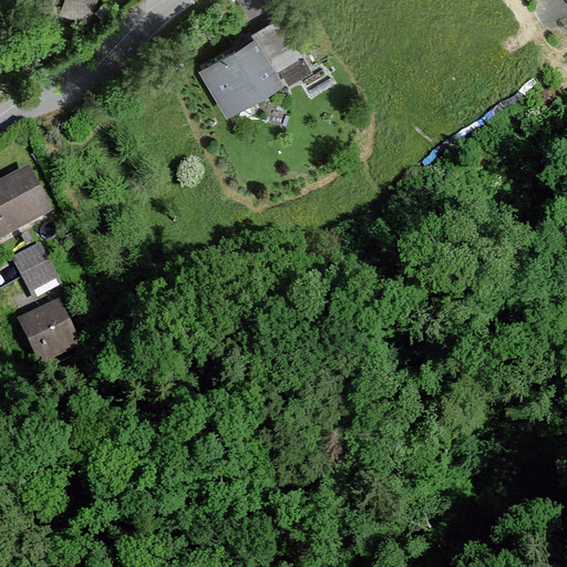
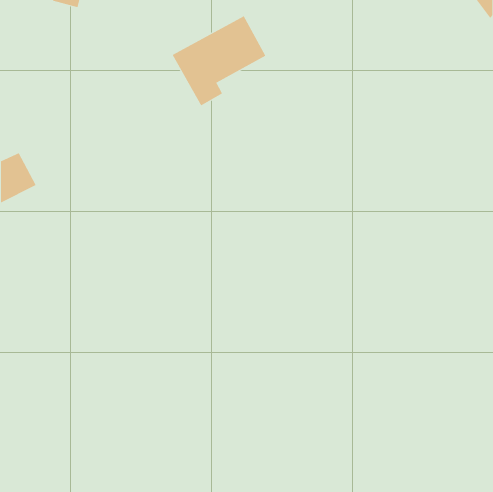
building: [14,251,55,298] -> none
building: [24,305,79,367] -> none

